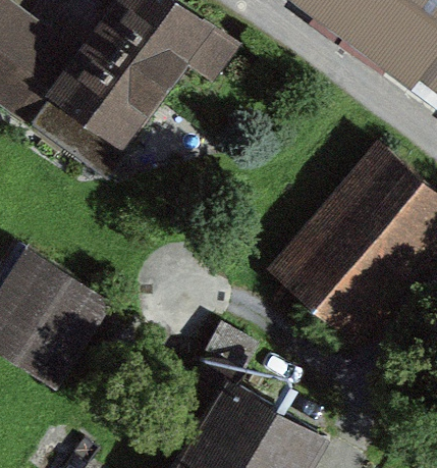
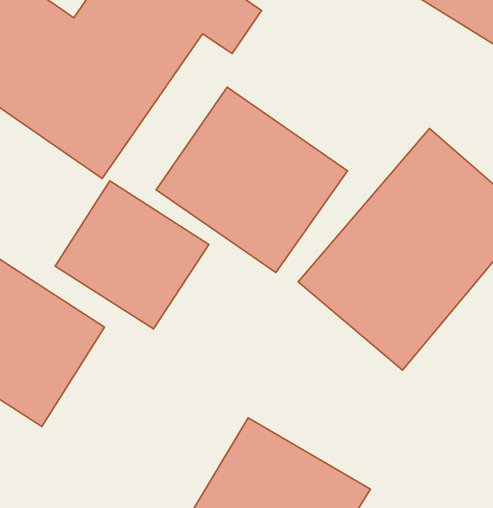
building: none -> [156,87,348,272]
building: none -> [55,181,209,329]

